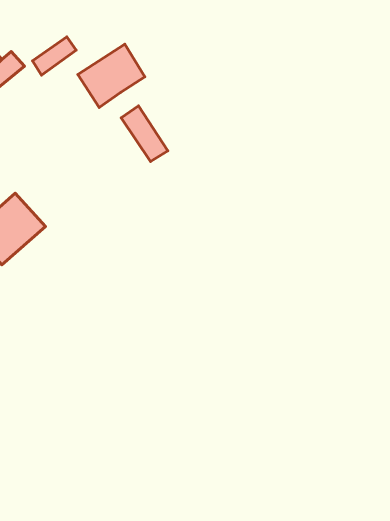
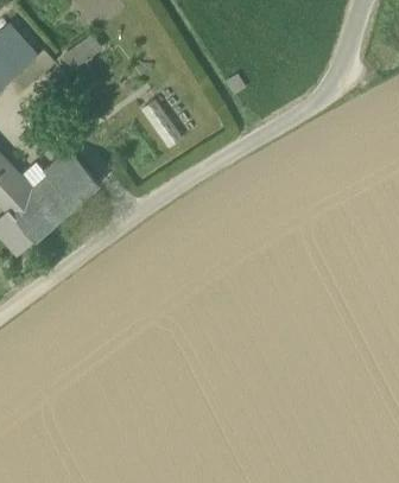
building: [78,44,145,107] -> none
building: none -> [44,152,100,206]

